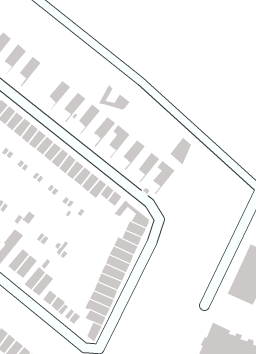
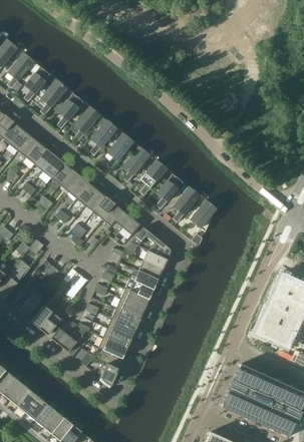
building: none -> [41,75,67,114]
building: [98,84,131,110] -> none
building: [169,137,192,166] -> [191,199,216,232]

